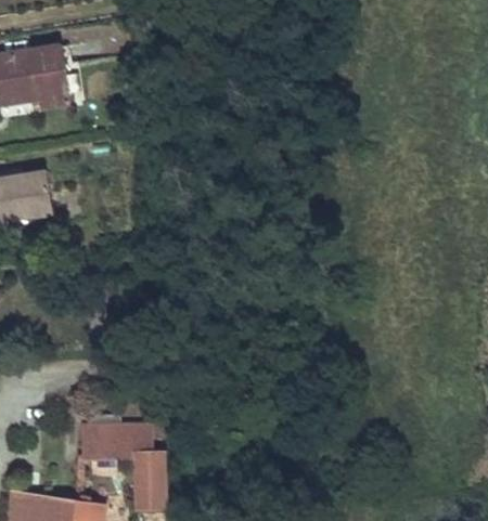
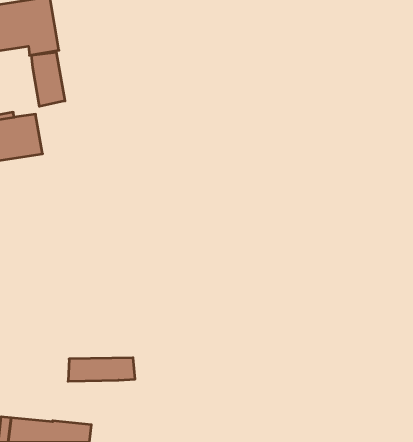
building: none -> [31,52,65,106]
building: [134,453,168,500] -> none

